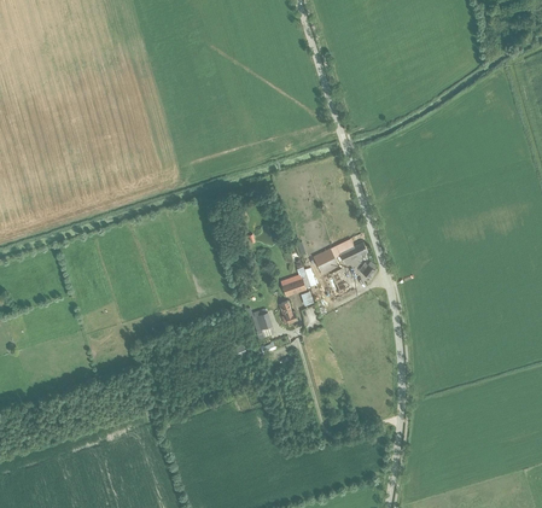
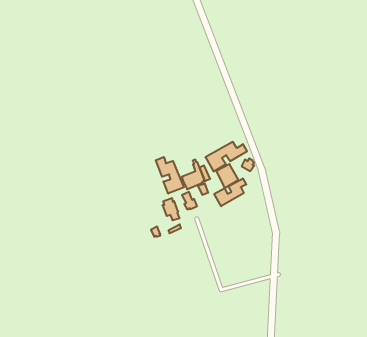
building: none -> [156,157,184,194]
building: none -> [214,178,246,206]

